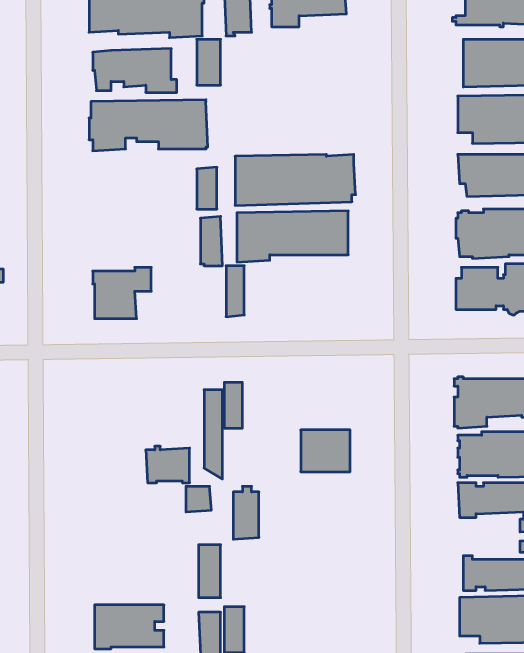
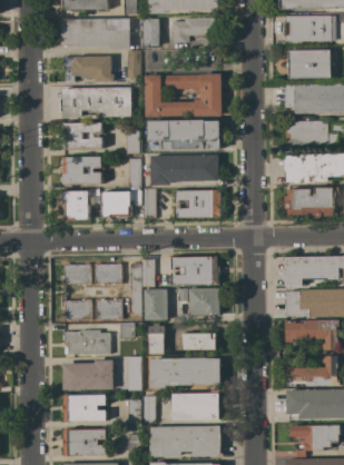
building: none -> [145,73,222,117]
building: none -> [63,122,102,149]
building: none -> [61,157,104,185]
building: none -> [101,188,140,217]
building: none -> [175,189,222,218]
building: none -> [171,256,219,285]
building: none -> [63,263,90,284]
building: none -> [95,263,121,284]
building: none -> [144,289,167,320]
building: none -> [65,299,91,323]
building: none -> [63,330,111,355]
building: none -> [181,333,216,349]
building: none -> [150,357,220,387]
building: none -> [62,359,112,390]
building: none -> [171,390,220,419]

